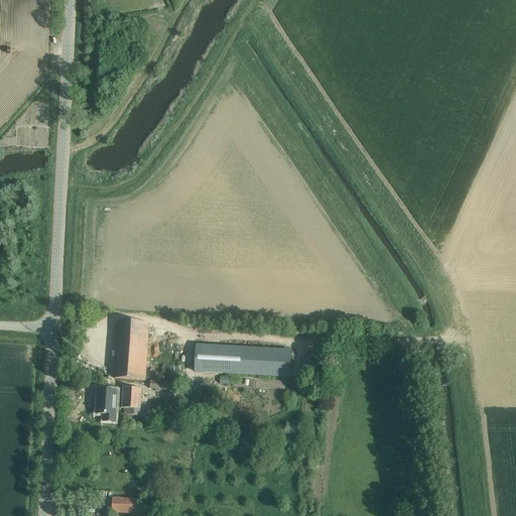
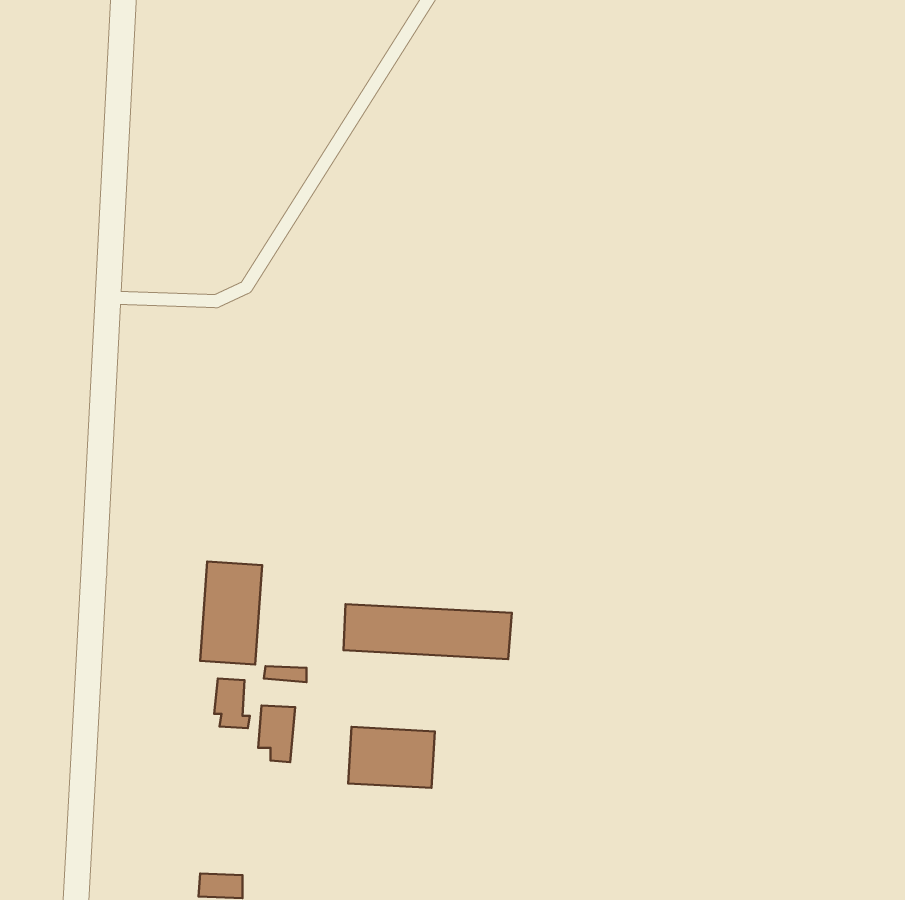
building: [99,388,120,420] -> [258,705,295,762]
building: none -> [348,727,435,788]

